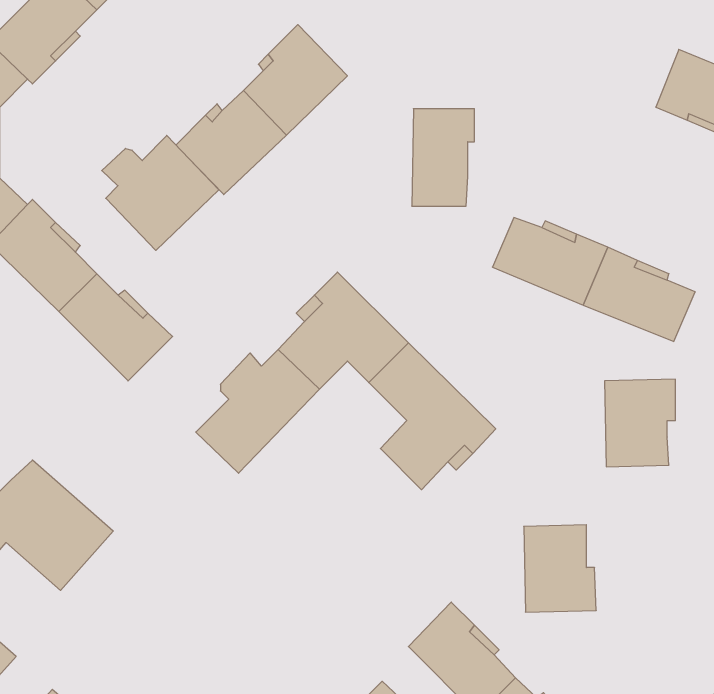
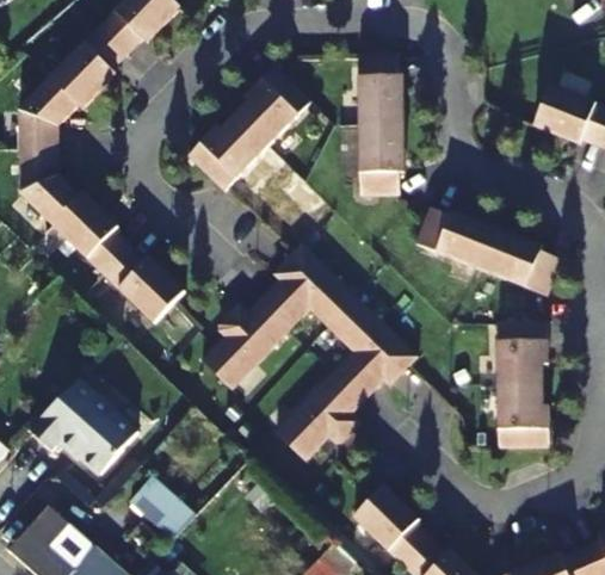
building: none -> [357,57,402,128]
building: [102,135,219,250] -> none
building: none -> [273,373,363,463]
building: [524,525,596,612] -> [496,385,549,449]
building: none -> [131,475,196,539]

